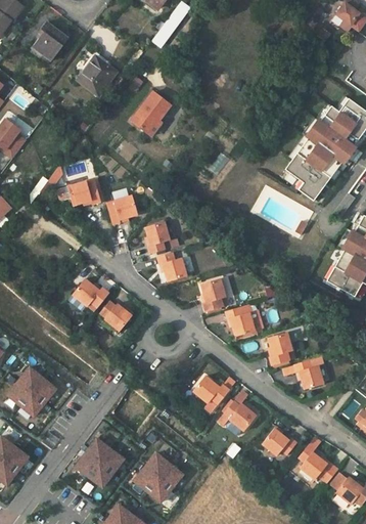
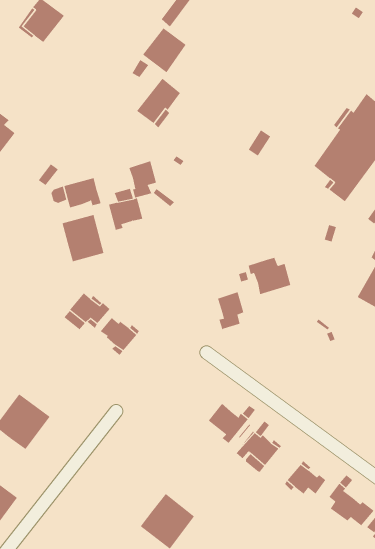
building: [77,56,116,96] -> [142,27,187,73]
building: none -> [62,214,104,262]
building: [145,221,170,254] -> [129,161,157,198]
building: [157,253,186,282] -> none
building: [225,304,263,337] -> [248,257,291,295]
building: [268,333,292,365] -> none
building: [294,356,324,390] -> none
building: [75,439,124,488] -> none

